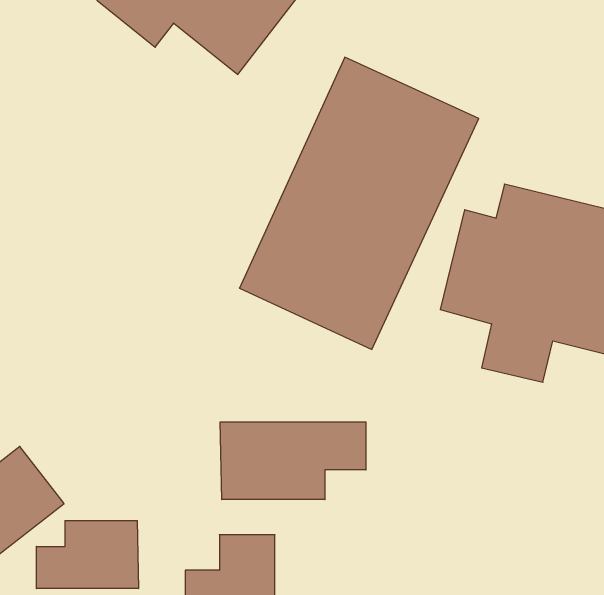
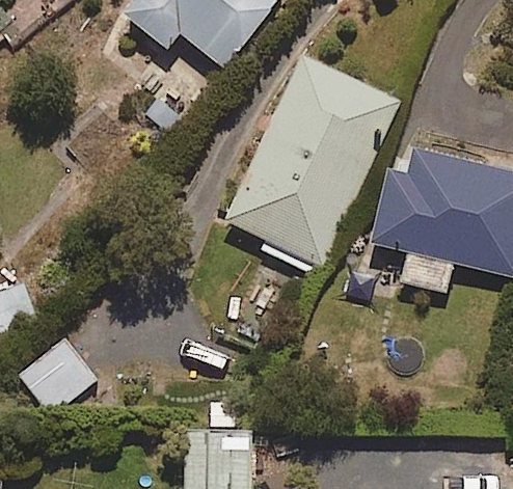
building: [220,422,366,500] -> none
building: [36,521,138,589] -> none

